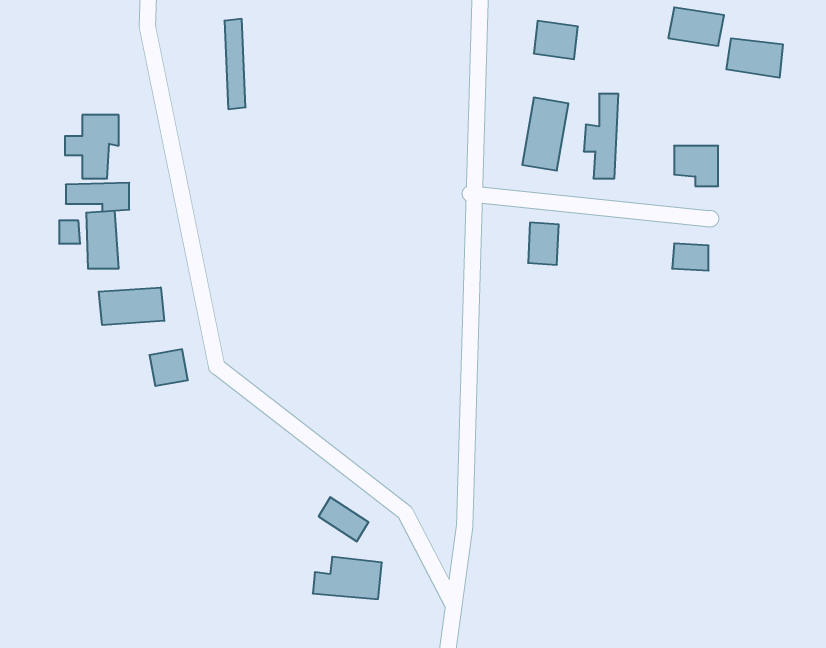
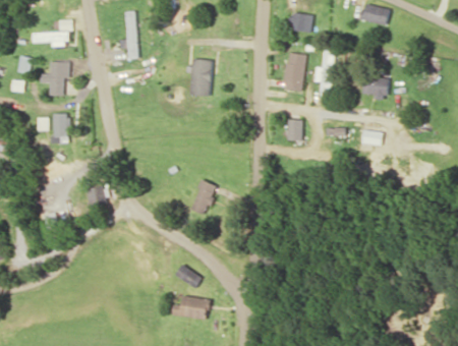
building: [726,38,783,78] -> none
building: none -> [188,59,211,97]
building: [66,183,129,212] -> [34,32,67,47]
building: [99,287,164,325] -> none
building: none -> [187,180,215,215]

